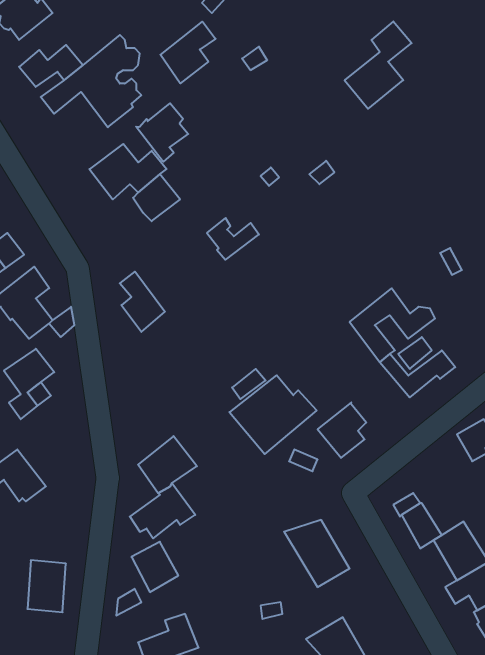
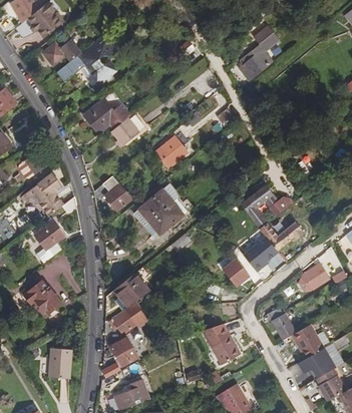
building: [160,22,216,83] -> none
building: [136,103,188,162] -> none
building: none -> [242,236,278,271]
building: [229,375,317,454] -> [134,189,187,237]

